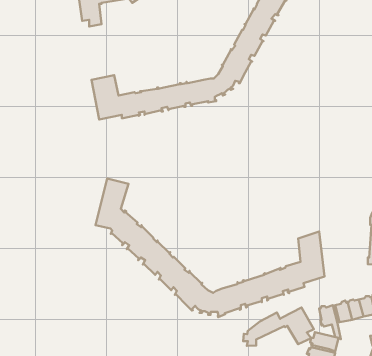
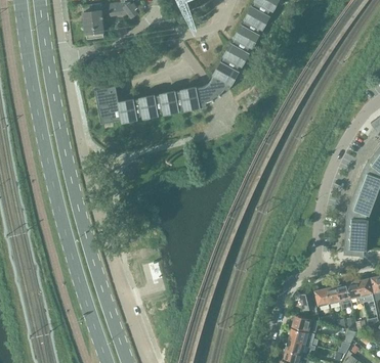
building: [96,179,324,317] -> none
building: [243,307,314,346] -> none

